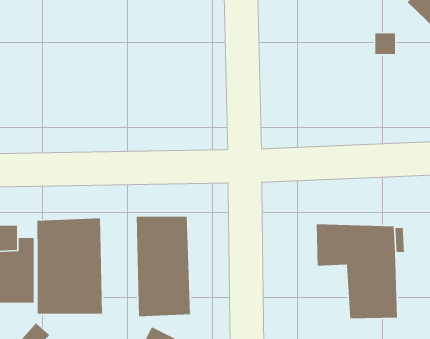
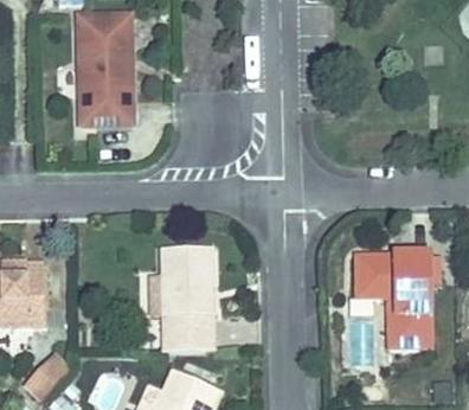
building: none -> [72,25,134,143]
building: [36,217,103,315] -> none

